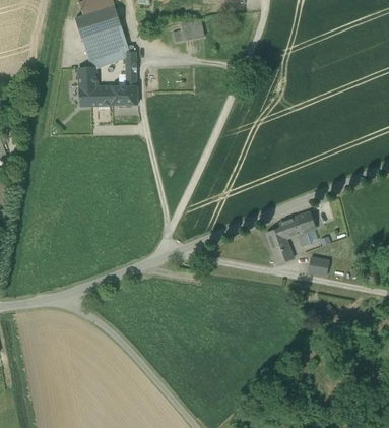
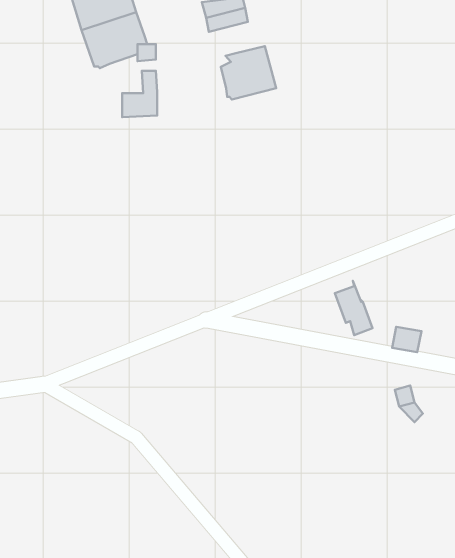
building: none -> [221,46,276,99]
building: [76,68,112,106] -> none
building: [279,213,313,247] -> none

